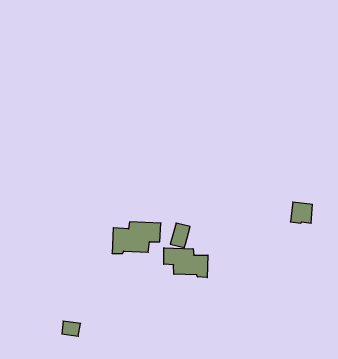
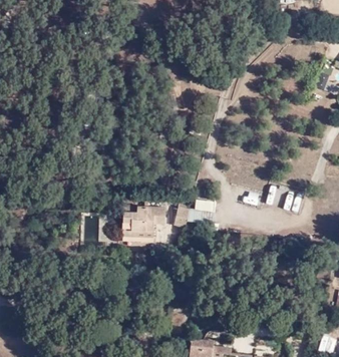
building: [164,248,208,278] -> none

